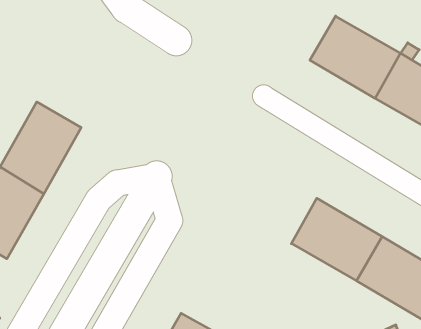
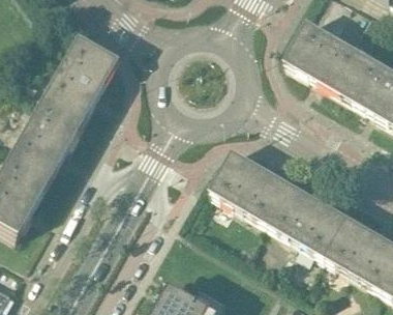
building: none -> [41,41,115,122]
building: none -> [210,152,291,226]

